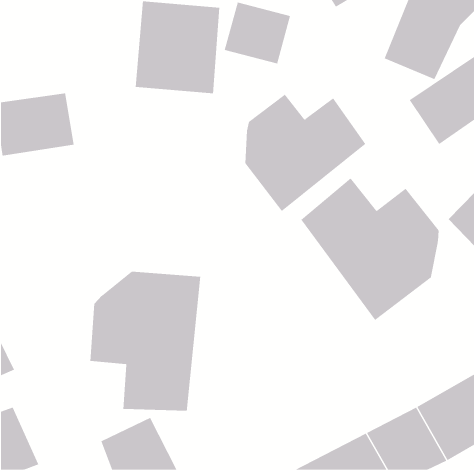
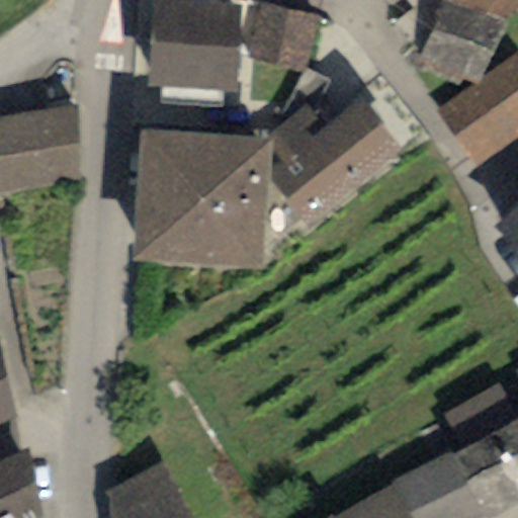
building: none -> [132,133,269,283]
building: [300,177,439,321] -> none
building: [90,271,201,412] -> none

